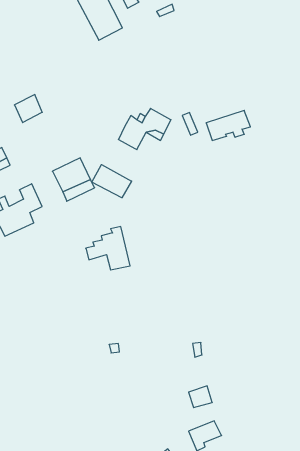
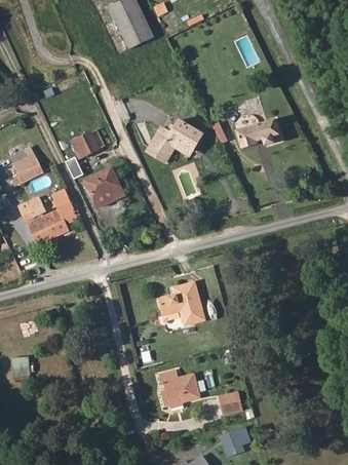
building: [14,95,42,123] -> [70,131,98,159]
building: [92,165,132,198] -> none
building: [86,227,130,270] -> [158,283,202,326]
building: none -> [157,373,195,408]

